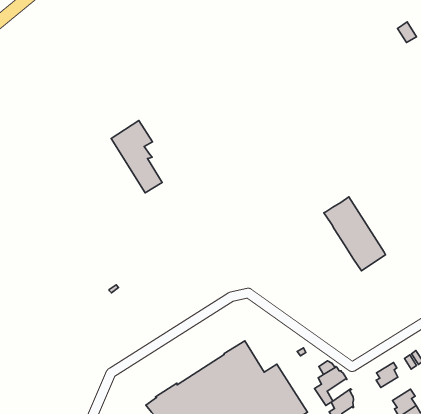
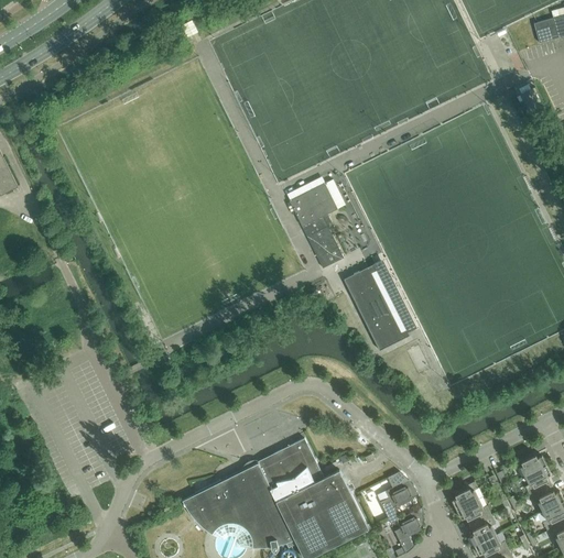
building: [111,120,162,193] -> [290,184,344,269]
building: [324,197,385,271] -> [344,264,410,351]
building: none -> [457,500,491,526]

